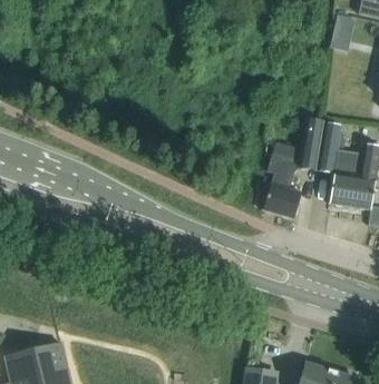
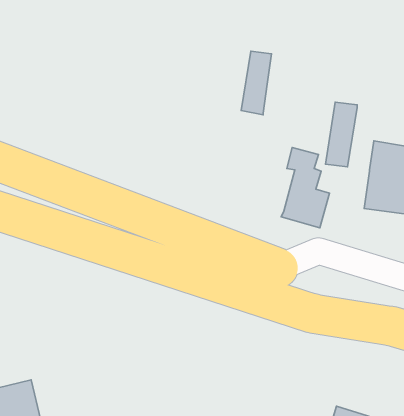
building: [315,121,340,173] -> [241,51,271,115]

